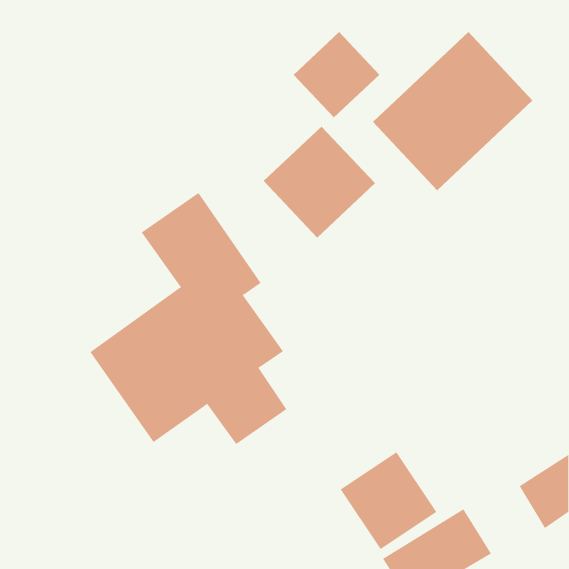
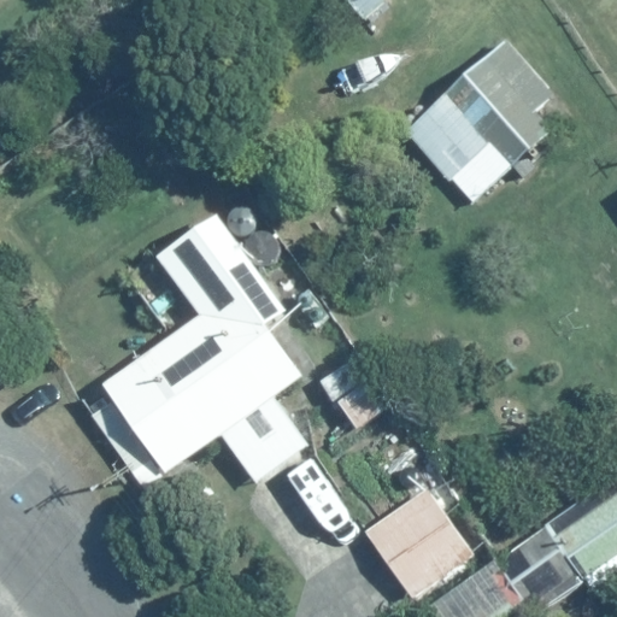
building: [293,31,380,118] -> none
building: [263,126,376,238] -> none

